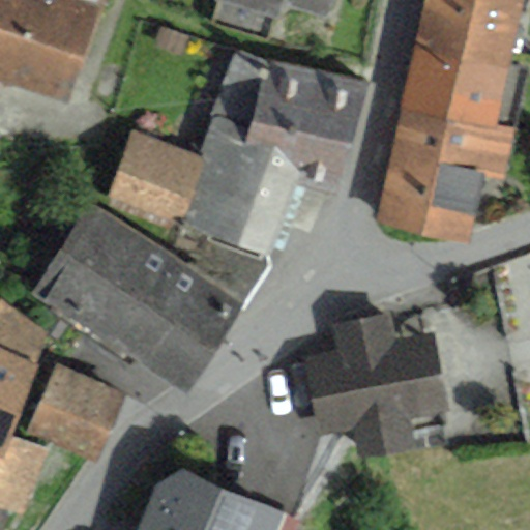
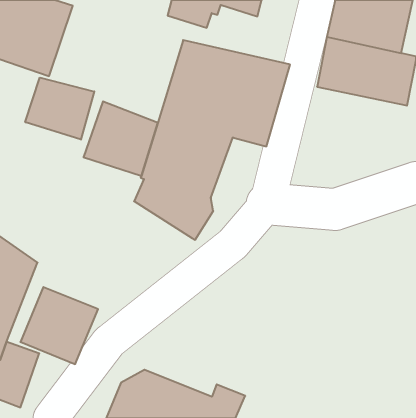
building: none -> [25,78,94,140]
building: [378,110,516,243] -> none
building: [29,203,243,393] -> none
building: [302,315,450,459] -> none

